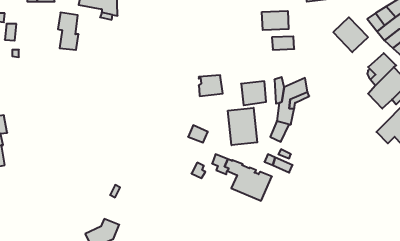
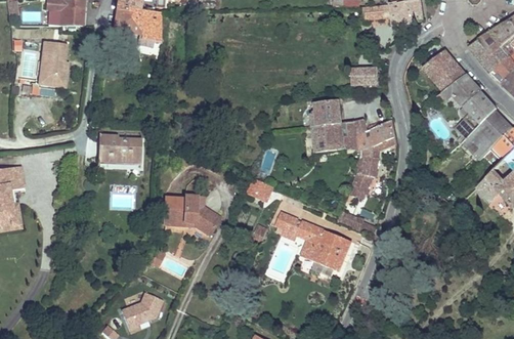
building: [262,11,289,30] -> none
building: [58,13,79,50] -> [41,40,67,86]
building: none -> [449,69,488,105]
building: [199,75,223,96] -> [311,100,341,126]
building: none -> [97,135,141,163]
building: [228,108,257,145] -> none
building: none -> [164,196,219,235]

